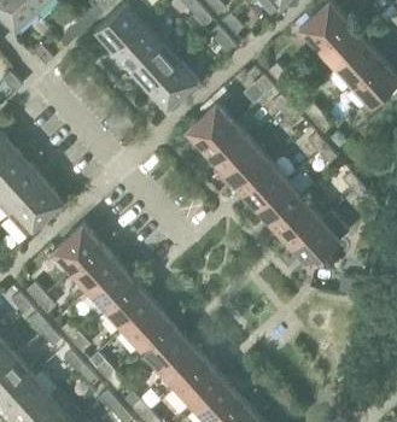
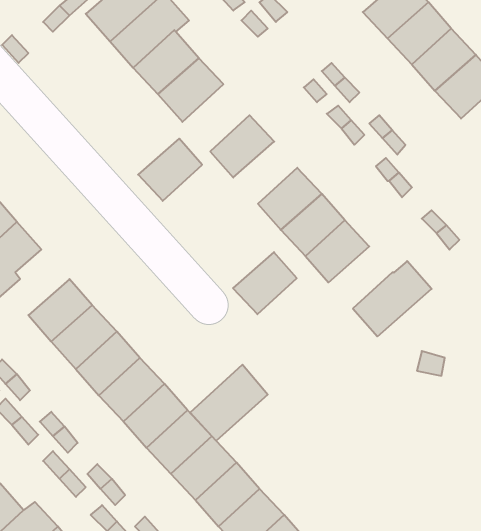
building: [204,123,251,169] -> [138,139,202,201]
building: [274,200,321,246] -> [233,252,297,314]
building: none -> [190,365,268,441]

